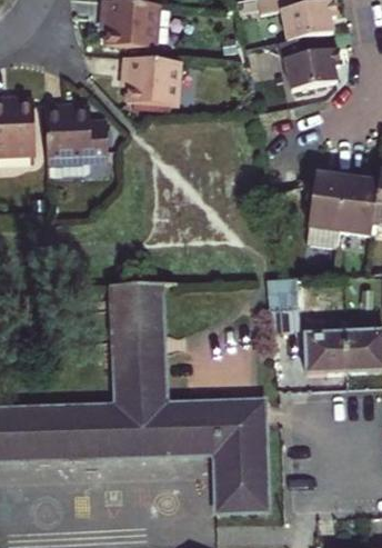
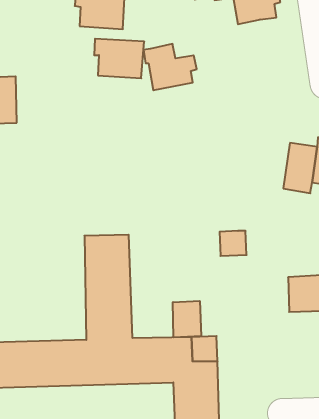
building: [280,34,341,88] -> [144,44,197,90]
building: [44,102,108,175] -> none
building: [305,171,348,247] -> none
building: [304,331,346,371] -> none
building: none -> [173,301,201,337]

